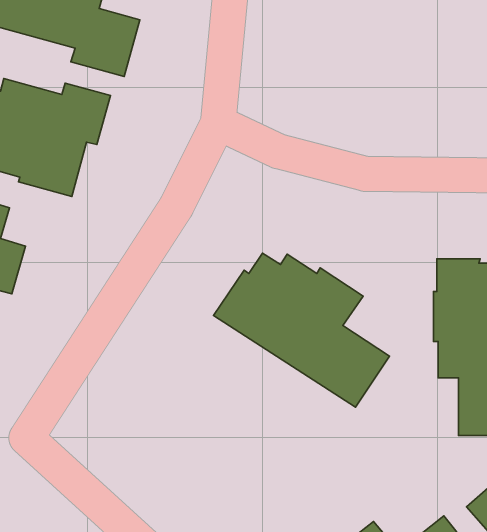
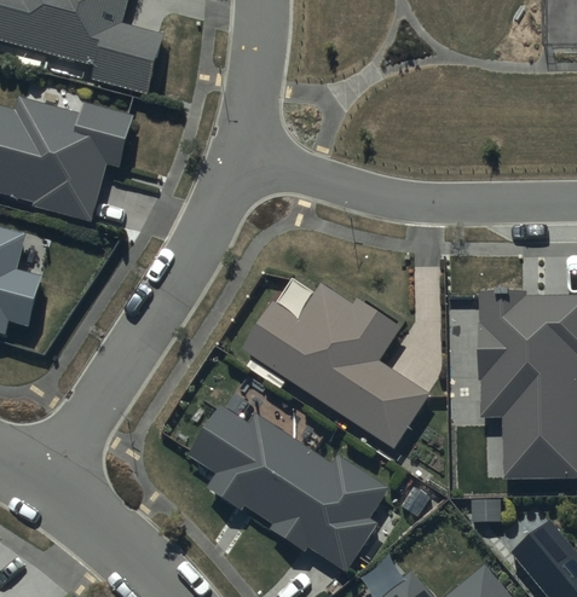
building: none -> [186,404,388,572]

